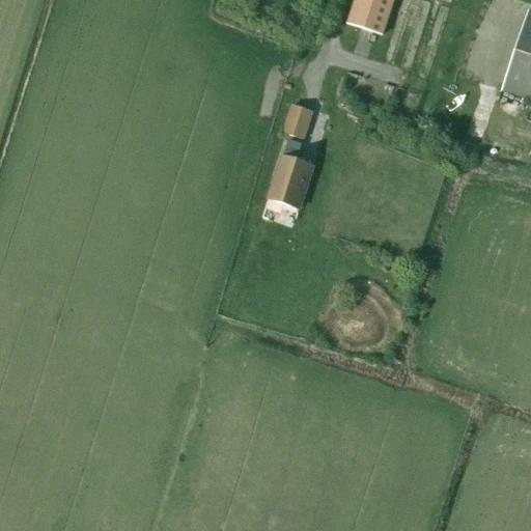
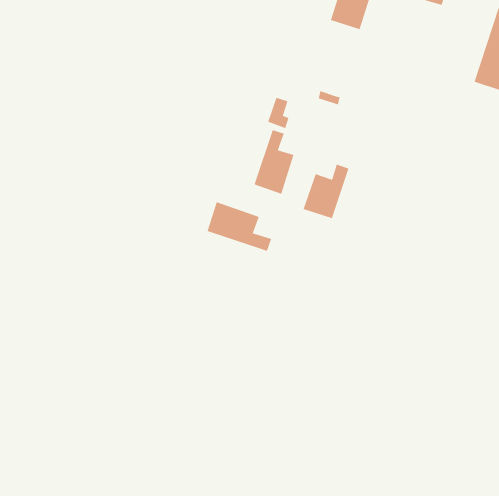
building: none -> [303,164,349,219]
building: none -> [207,201,272,252]

